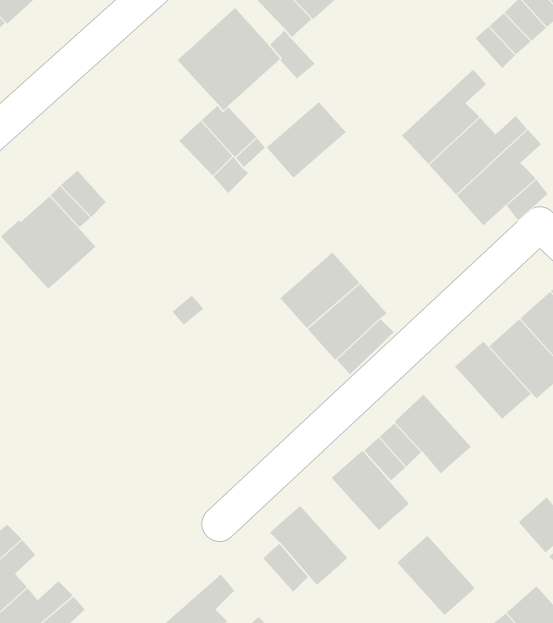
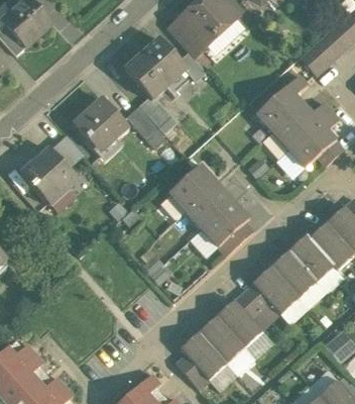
building: [266,101,346,178] -> [168,165,216,210]
building: none -> [73,100,125,148]
building: none -> [269,250,316,298]
building: [397,535,475,616] -> [197,316,243,364]

